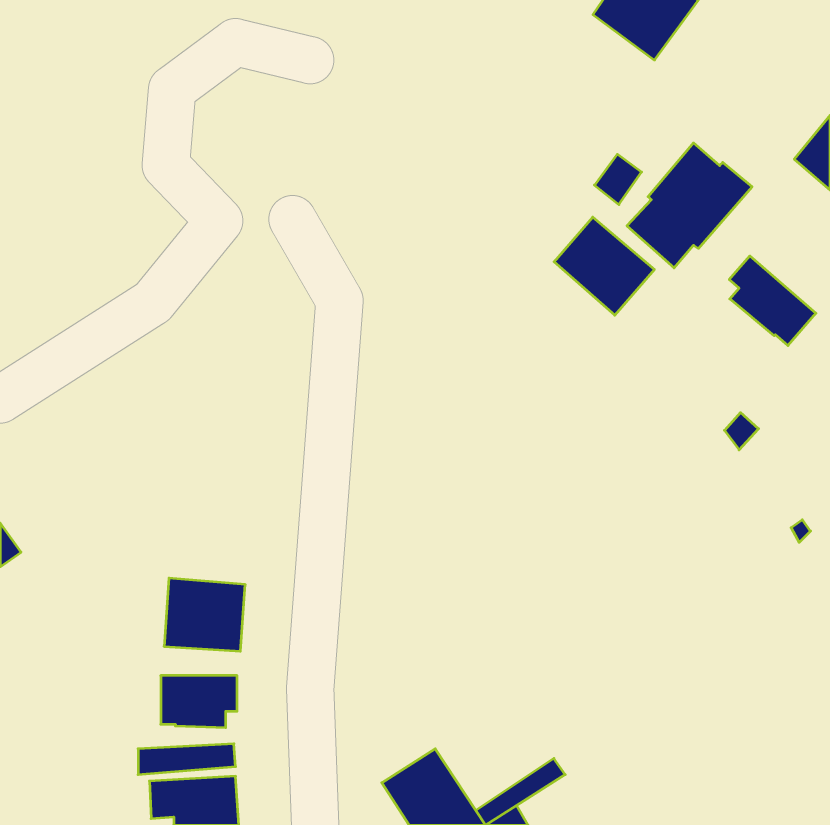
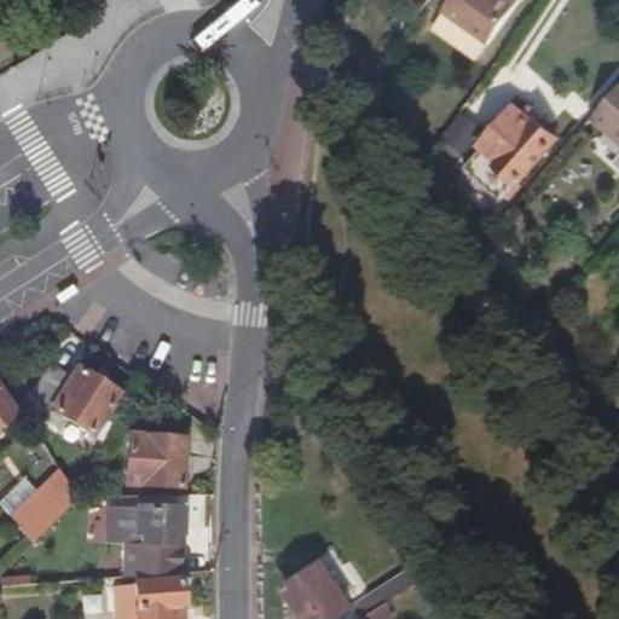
building: [554,217,654,315] -> none
building: [729,256,816,346] -> none
building: none -> [30,364,115,439]
building: none -> [8,465,77,540]

